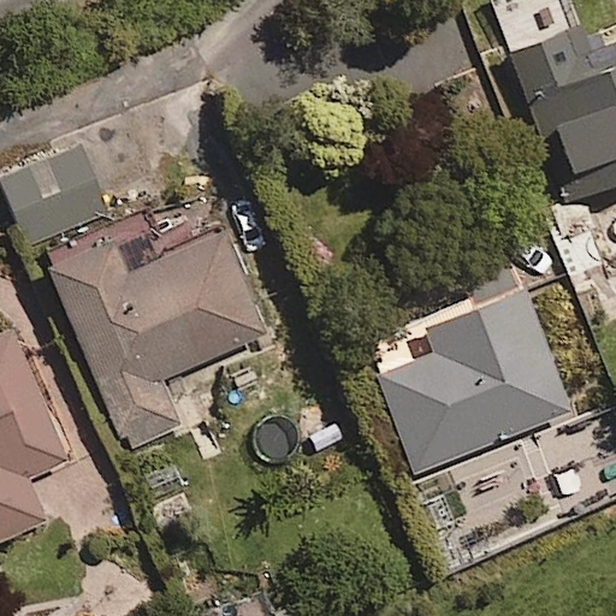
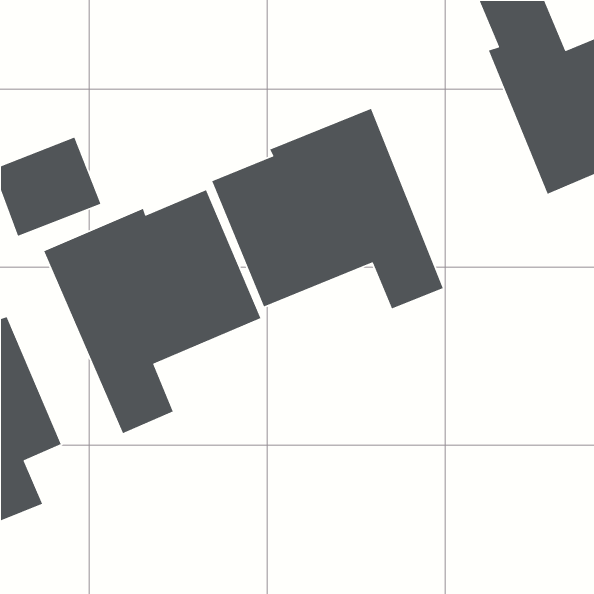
building: none -> [211,108,444,310]
building: [369,290,564,476] -> none

